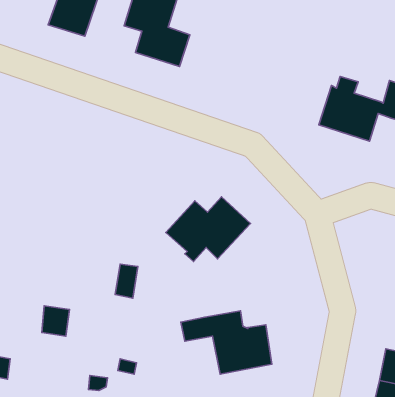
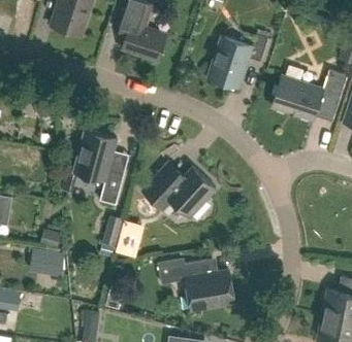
building: none -> [206,33,267,87]
building: none -> [72,128,123,203]

